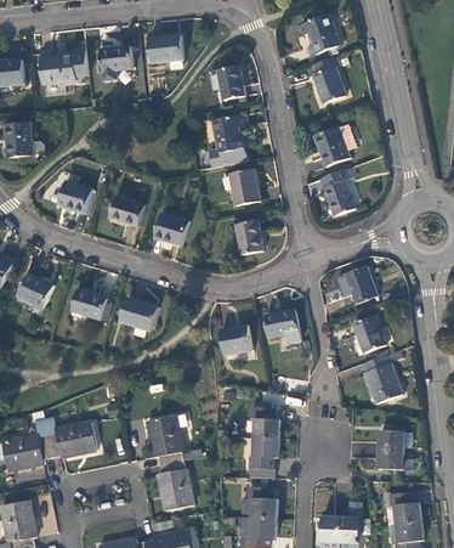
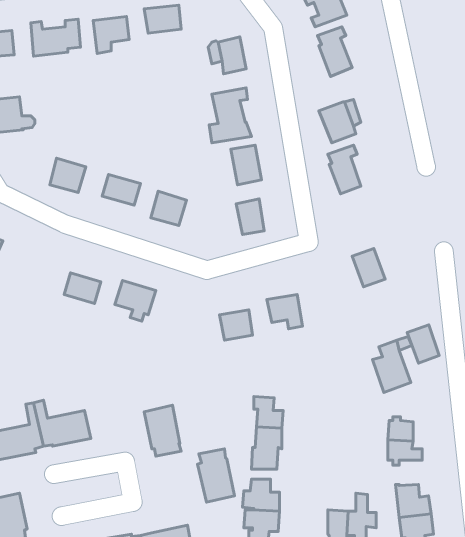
building: [16,272,53,313] -> none
building: [354,315,385,351] -> [407,325,439,363]
building: [158,459,193,510] -> [198,449,235,502]

